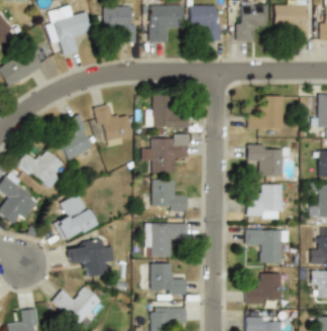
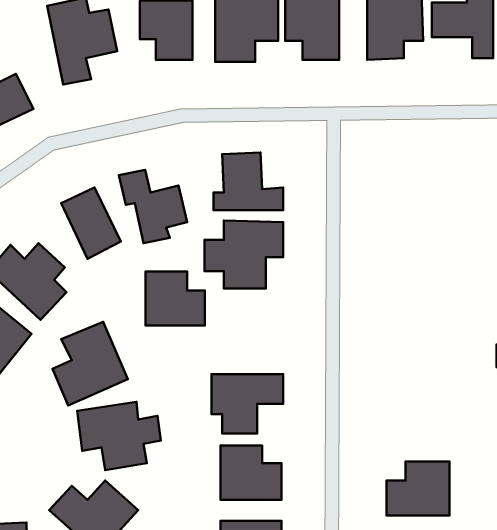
building: [246,96,283,129] -> none
building: [246,145,283,177] -> none
building: [151,180,186,211] -> [145,271,205,326]
building: [246,185,282,220] -> none
building: [245,230,288,263] -> none

